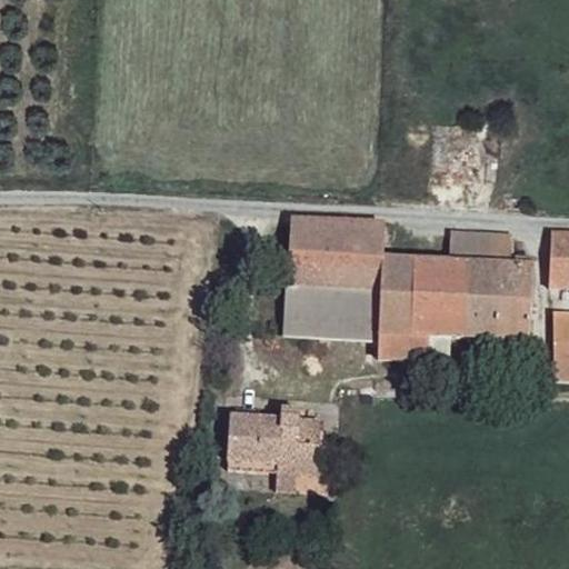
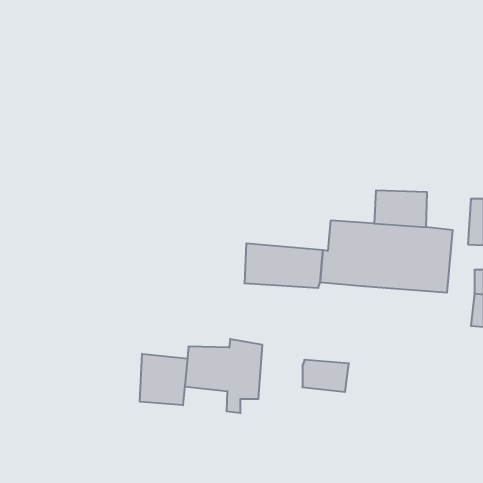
building: [290,222,389,295] -> none
building: [375,331,429,369] -> [302,360,349,392]
building: none -> [140,354,187,405]

